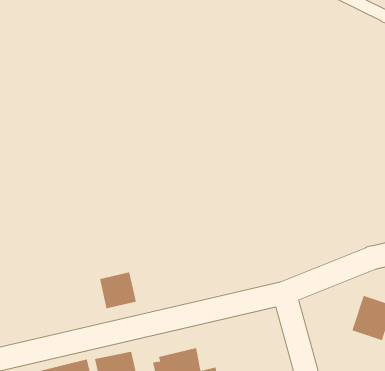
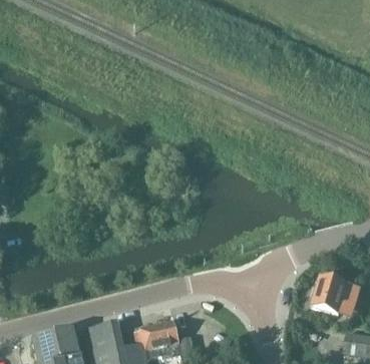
building: [99,272,136,309] -> none

